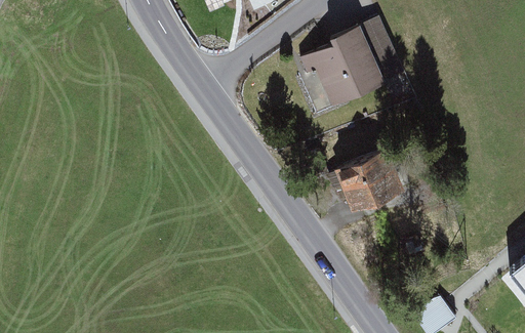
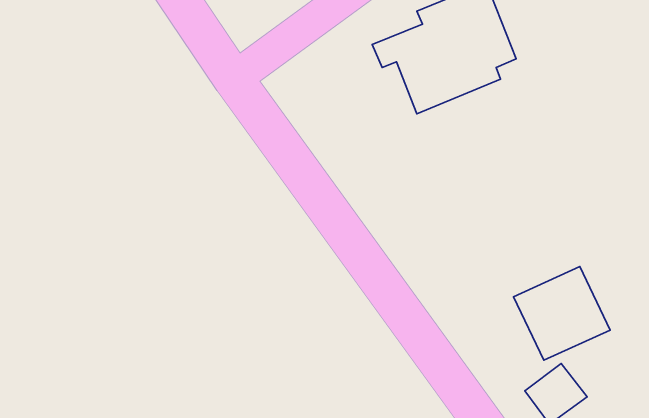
building: [335,150,404,216] -> [514,266,610,360]

